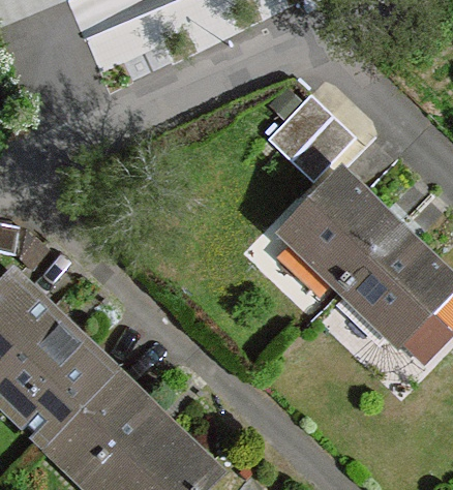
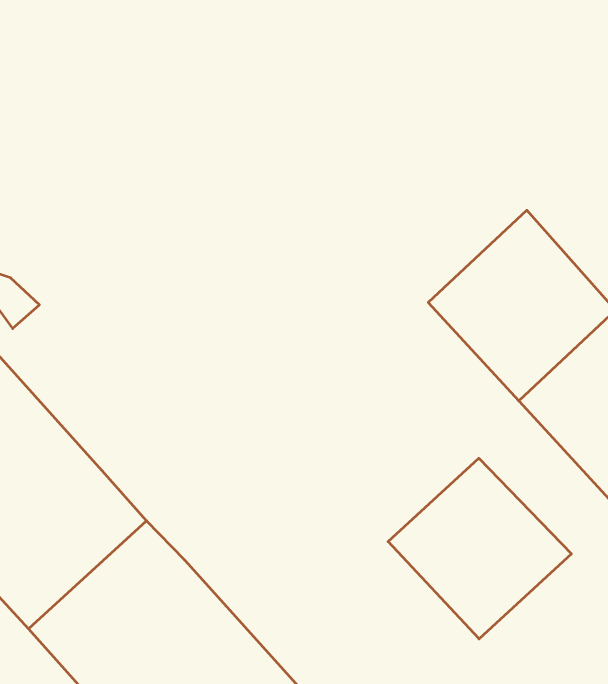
building: [271,97,357,183] -> none
building: none -> [388,458,571,639]

